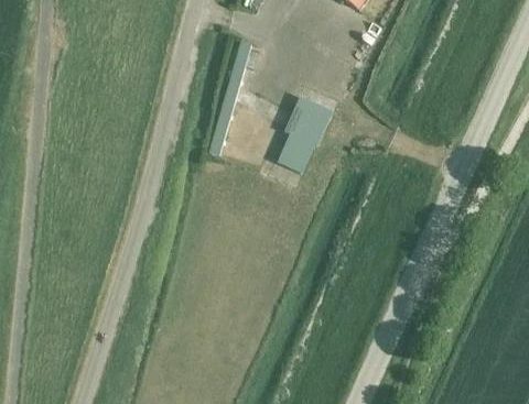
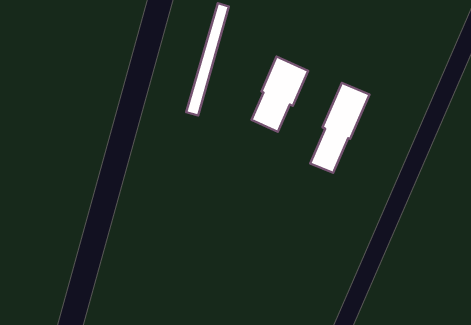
building: none -> [310,83,370,173]

